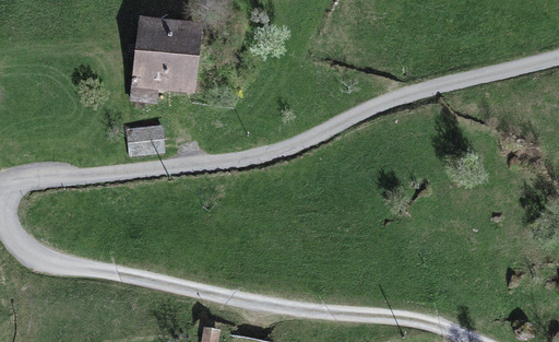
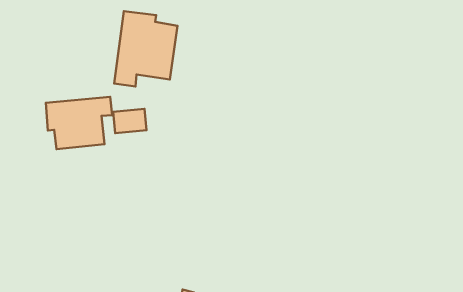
building: none -> [46,97,112,149]

